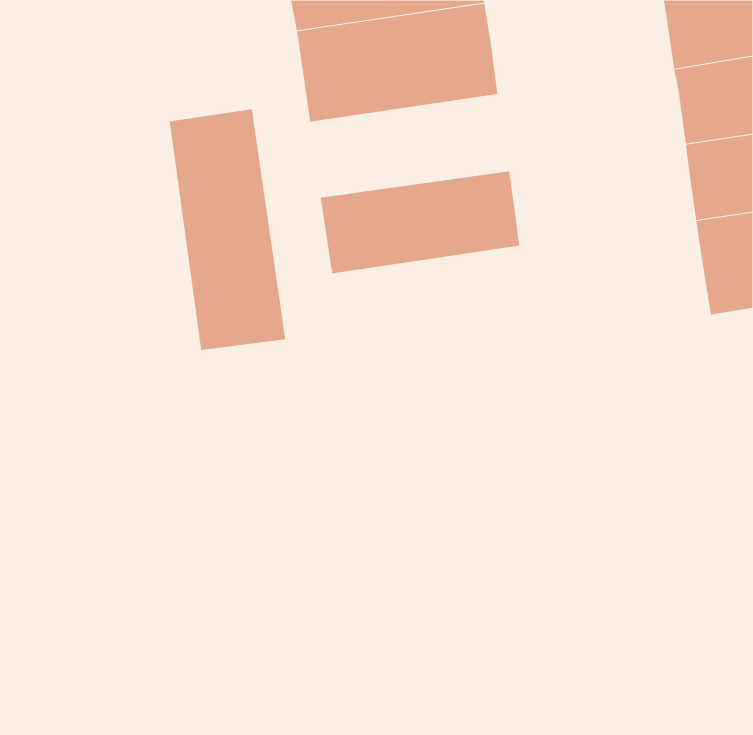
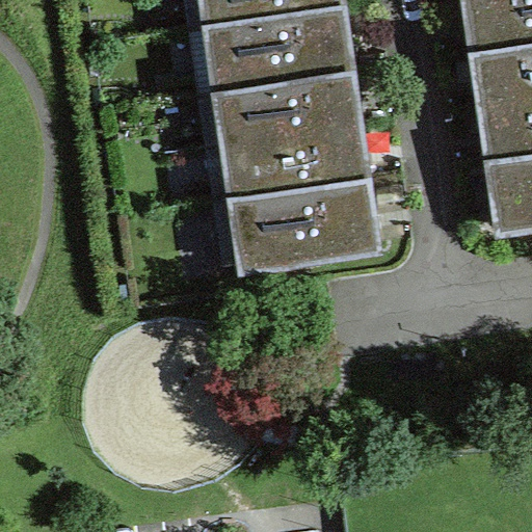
building: none -> [218,79,360,152]
building: [169,108,286,351] -> none
building: none -> [234,186,377,272]

